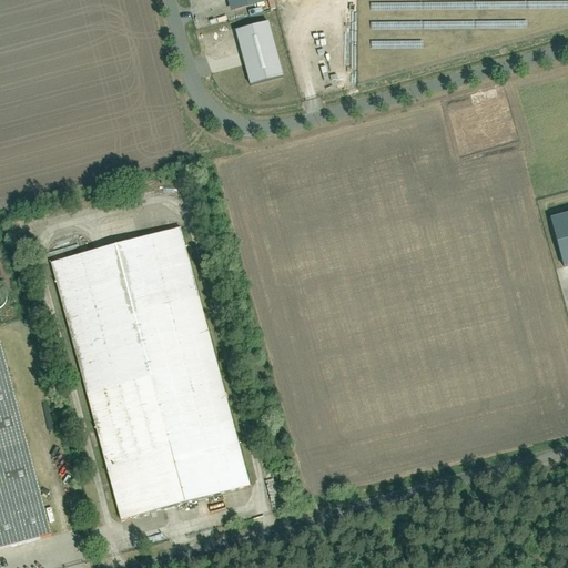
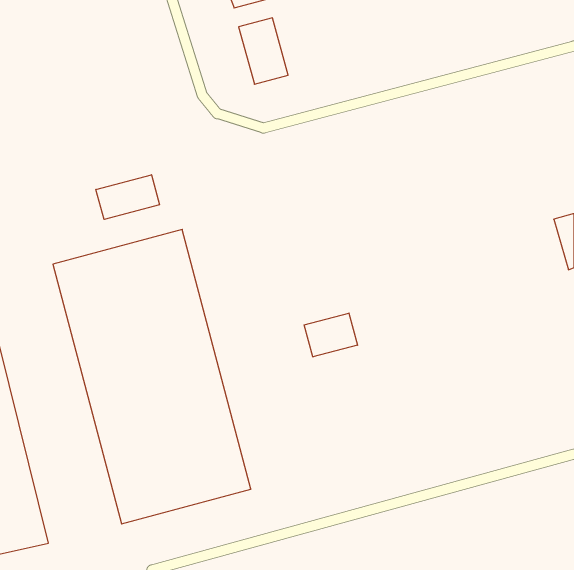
building: none -> [96,175,160,219]
building: none -> [304,313,358,357]

